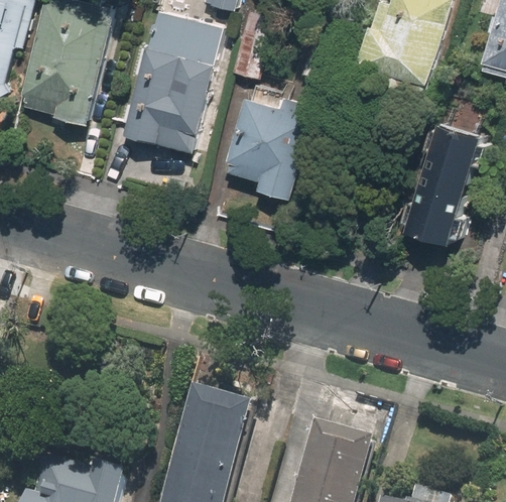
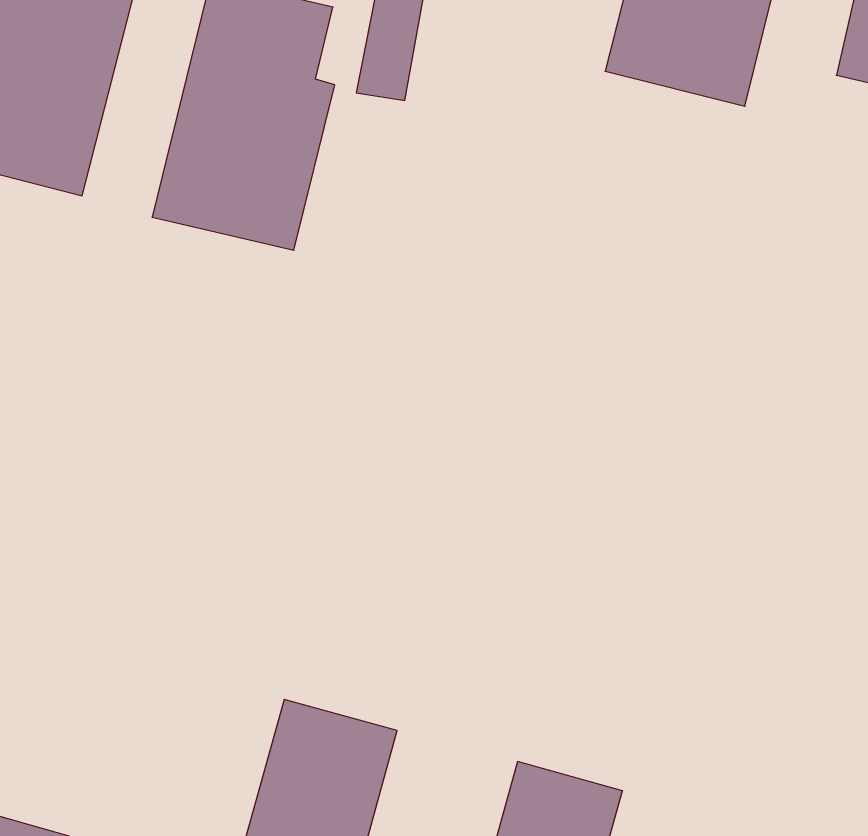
building: [225,92,313,201] -> none
building: [406,120,488,248] -> none

